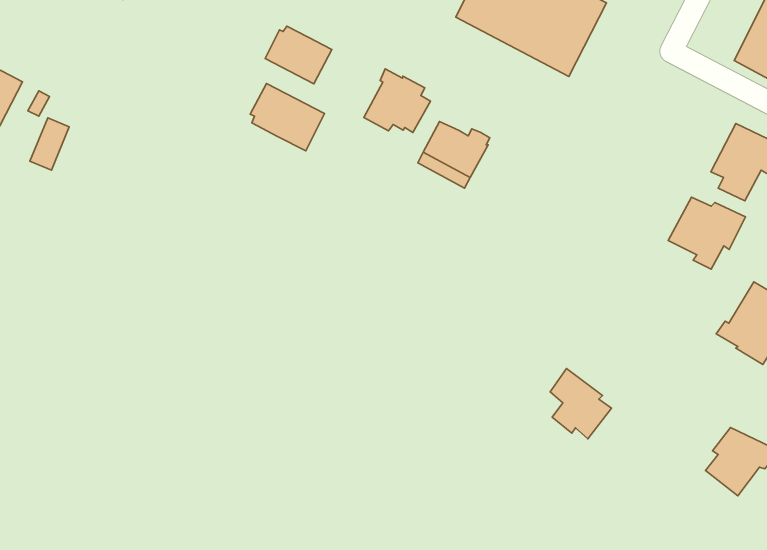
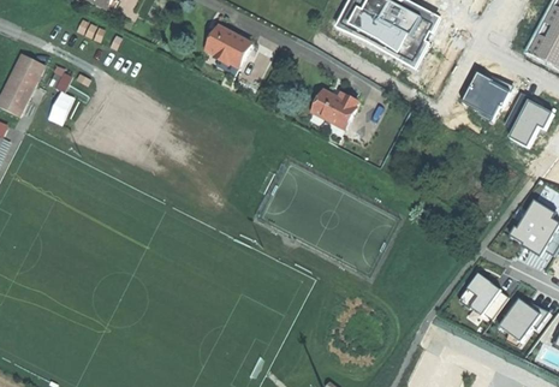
building: [364,69,431,133] -> none
building: [250,83,325,151] -> none
building: [668,197,745,269] -> [462,72,513,120]
building: [550,369,611,439] -> [465,270,506,317]

